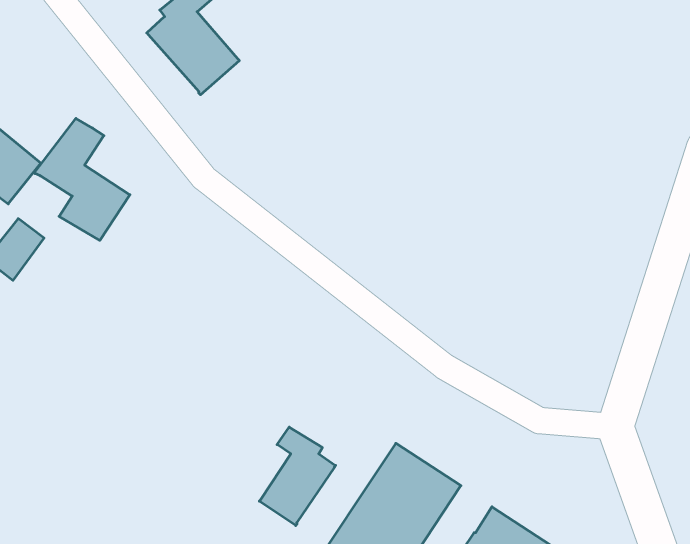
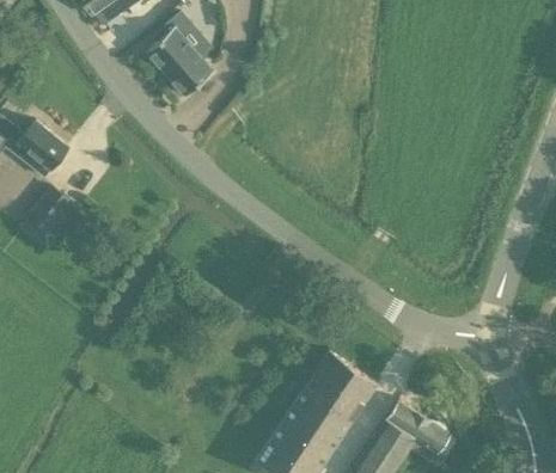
building: [35,118,130,240] -> none
building: [259,427,336,526] -> none

